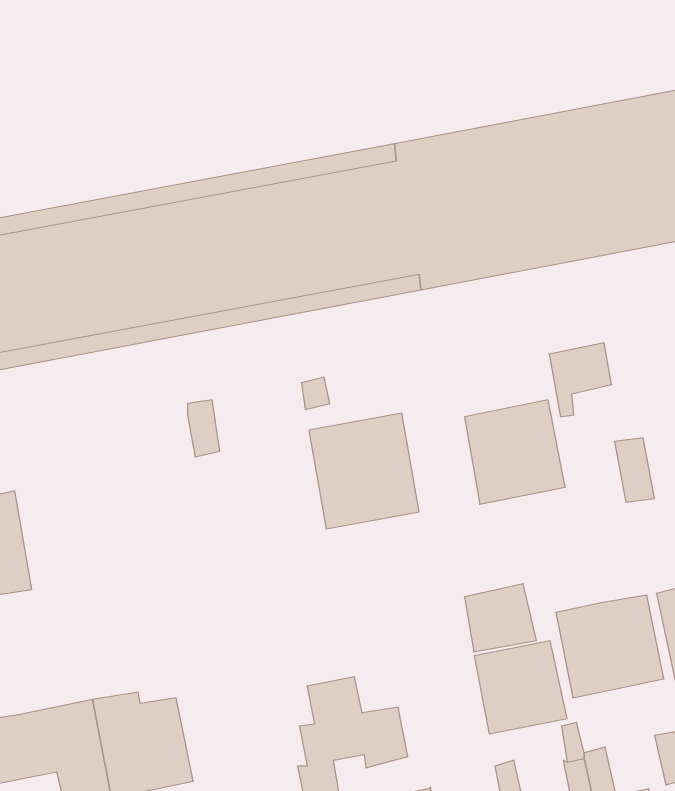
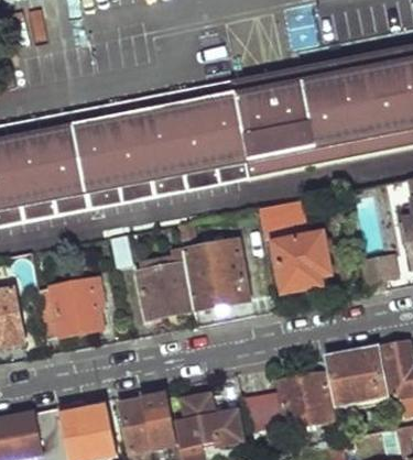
building: [549,343,612,417] -> [261,200,297,243]
building: none -> [139,250,195,316]
building: none -> [39,275,107,335]
building: [464,584,536,652] -> [243,390,285,429]
building: none -> [123,385,178,451]

